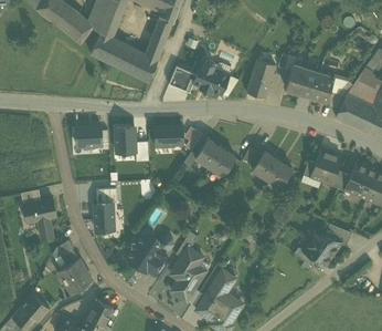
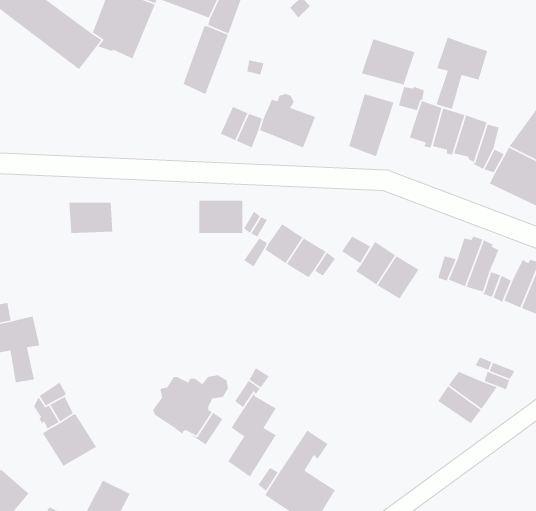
building: none -> [436,37,488,110]
building: none -> [361,38,416,85]
building: [91,32,159,83] -> none
building: [114,127,136,153] -> none
building: [93,205,114,232] -> none

